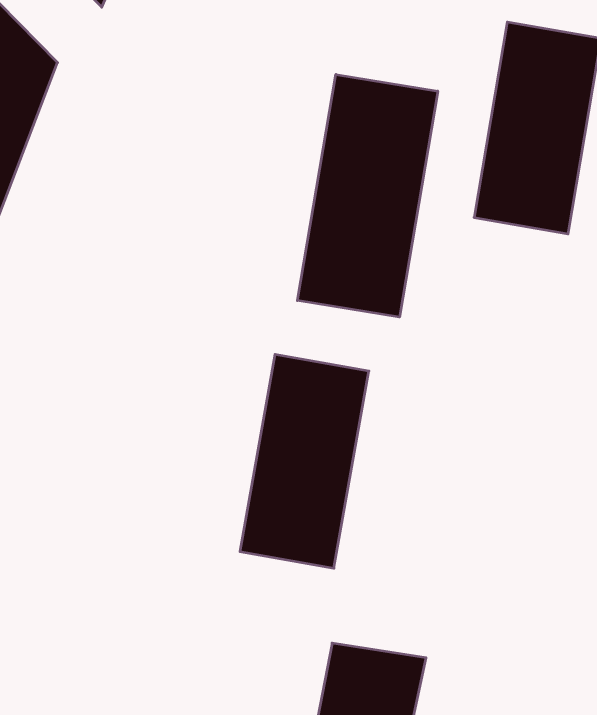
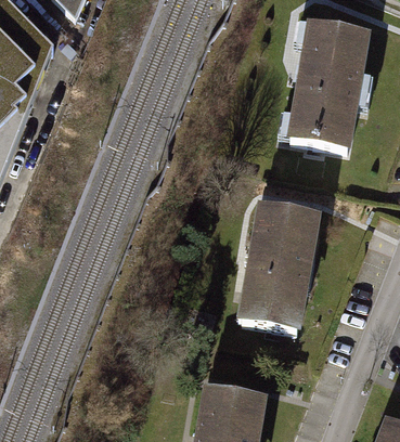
building: [297,74,438,317] -> none
building: [240,354,369,568] -> [242,206,318,332]

